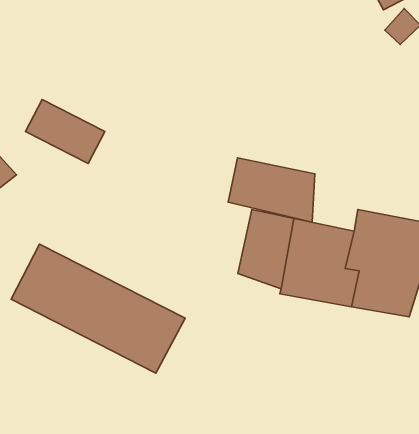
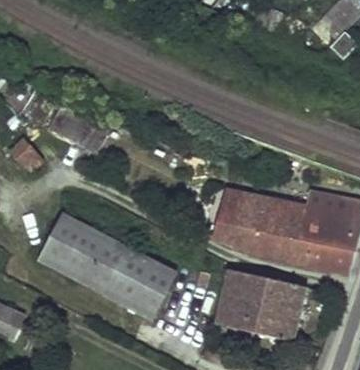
building: [228,158,315,222] -> none
building: none -> [215,270,305,341]

